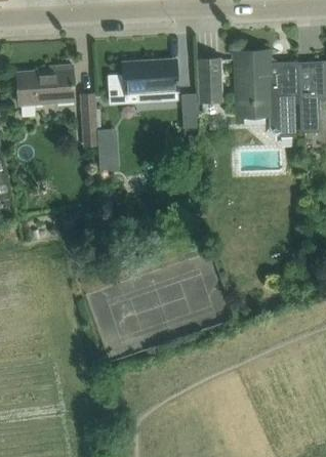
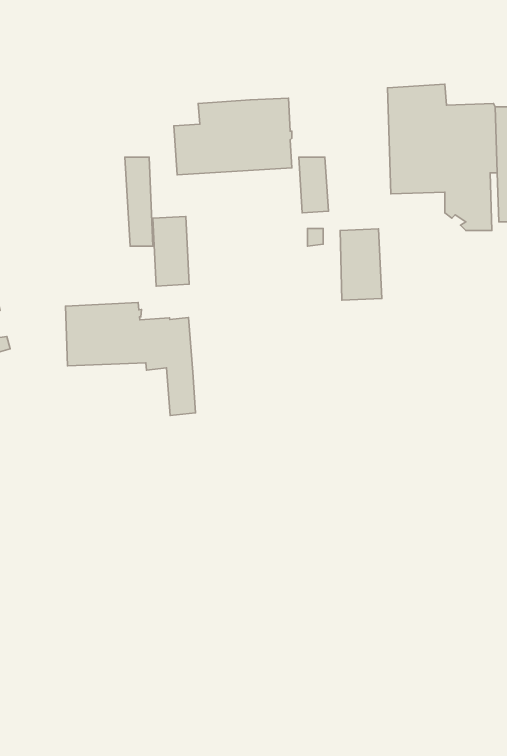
building: [198,59,222,101] -> [340,229,382,300]
building: [17,65,75,105] -> none
building: none -> [65,303,196,416]

